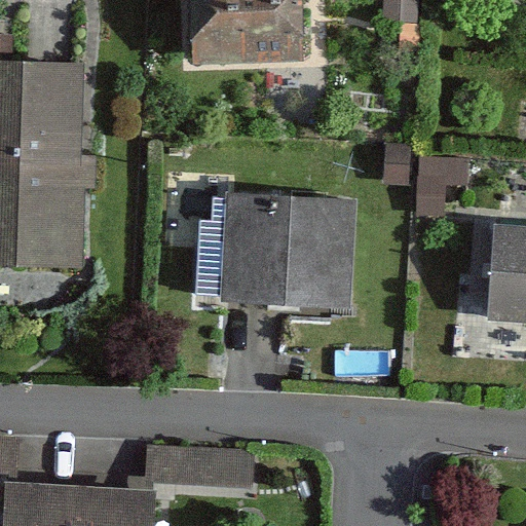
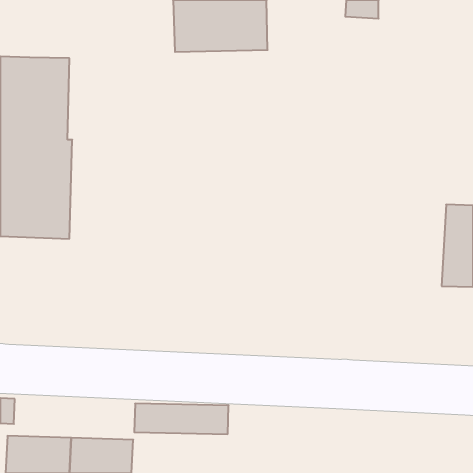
building: [223,196,349,304] -> none

